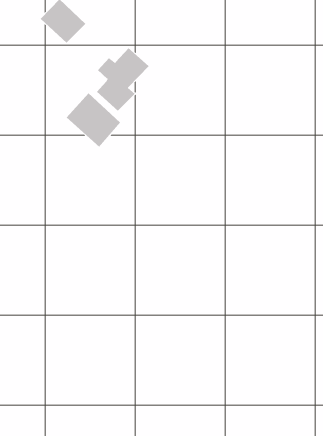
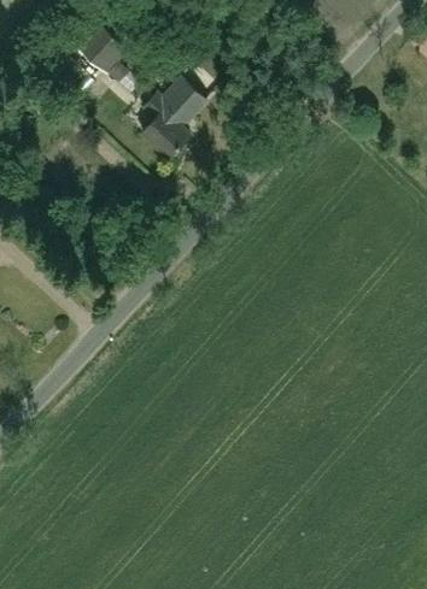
building: [66,92,121,147] -> none

